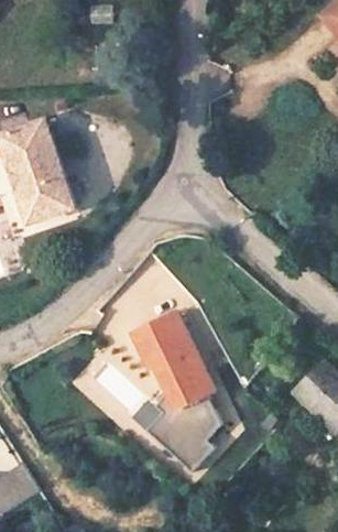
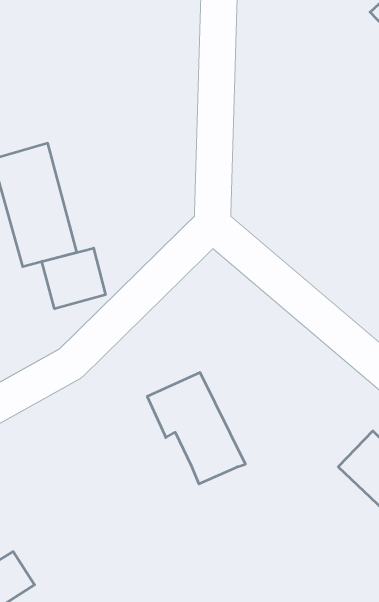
building: none -> [42,248,105,309]
building: [144,390,218,469] -> none

